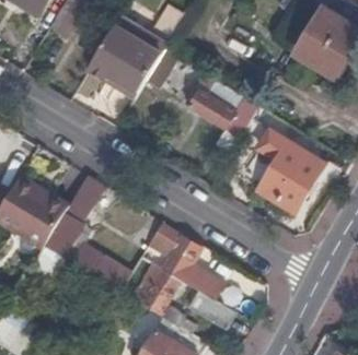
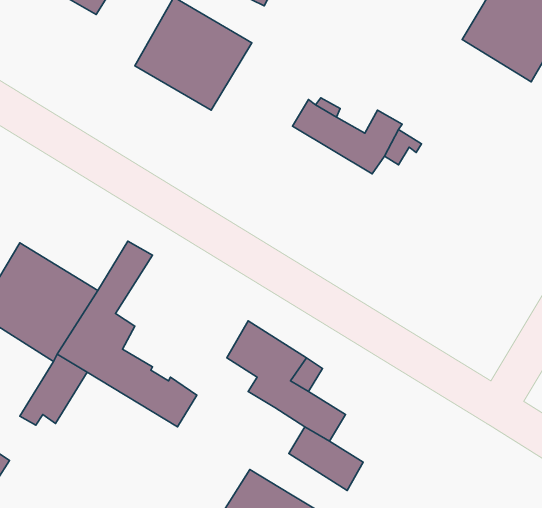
building: [256,129,325,213] -> none
building: [129,264,192,333] -> none

